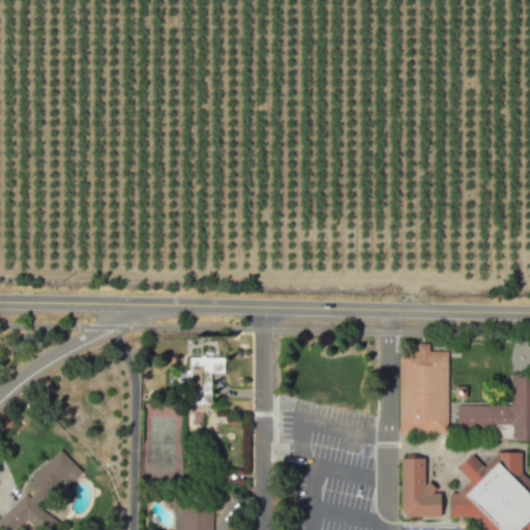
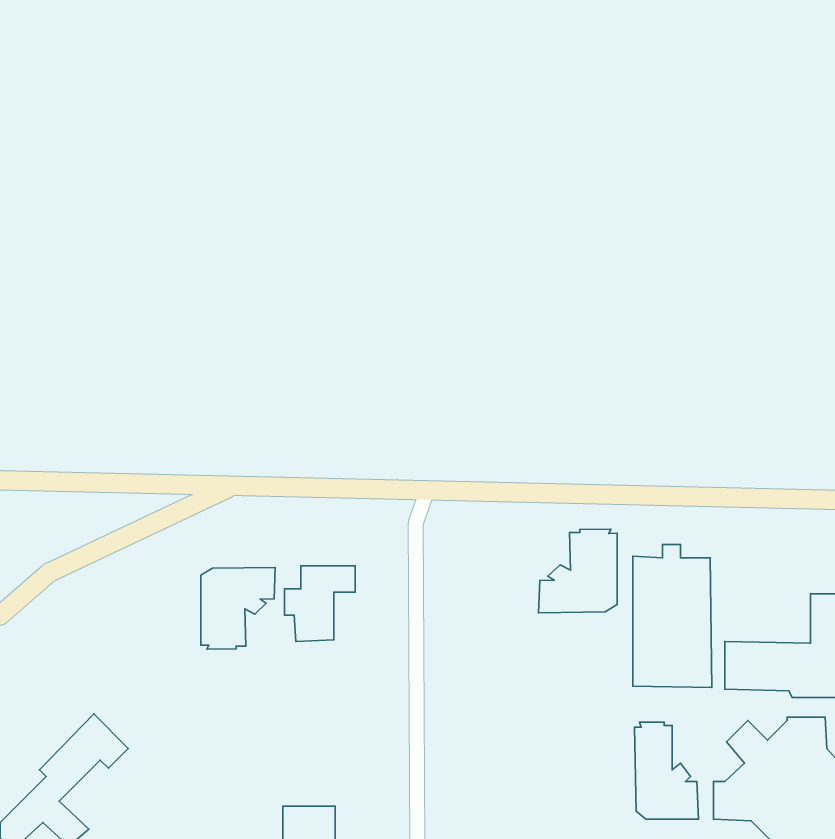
building: none -> [539,529,617,613]
building: none -> [201,567,275,649]

